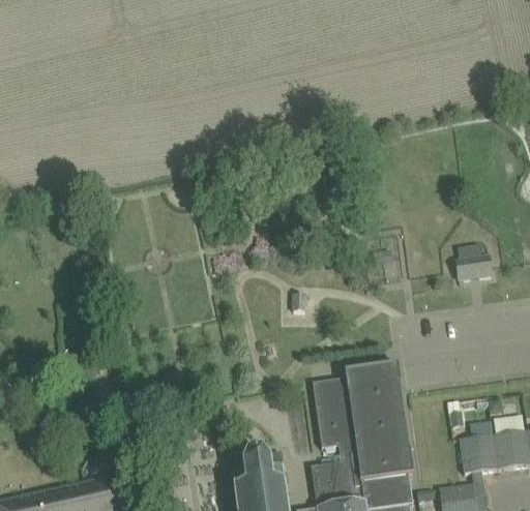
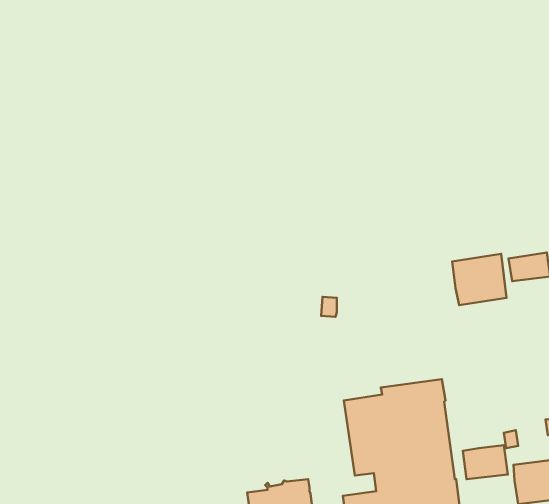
building: none -> [452,254,507,305]
building: none -> [463,445,508,479]

